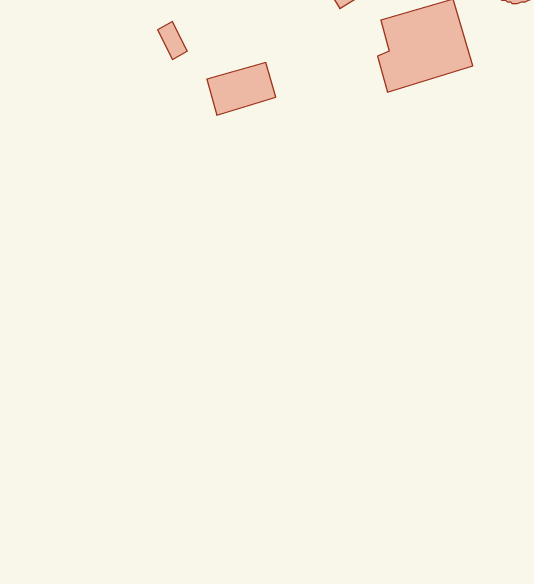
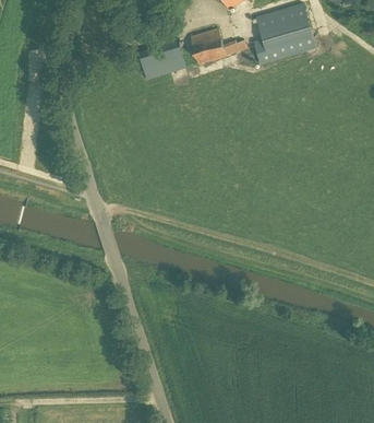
building: none -> [191,27,246,64]

